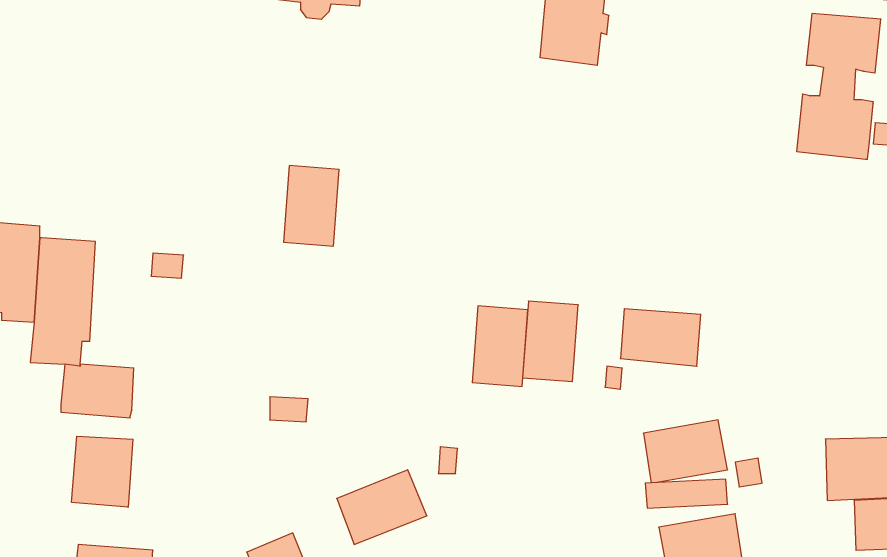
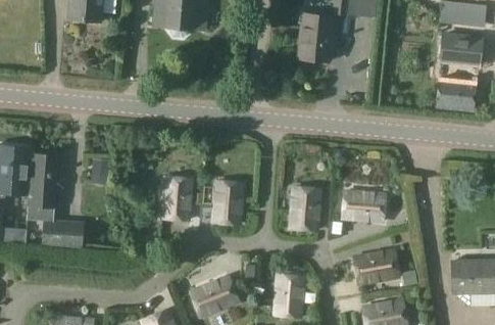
building: [284,166,339,246] -> [162,176,192,219]
building: [472,306,528,386] -> [213,180,243,223]
building: [72,436,133,507] -> none
building: none -> [274,273,304,317]

